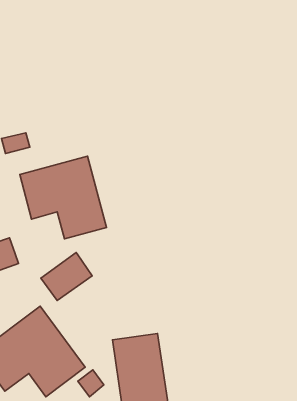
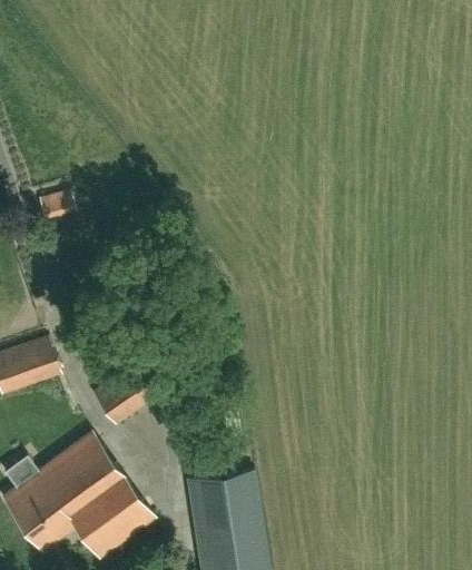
building: [20,156,107,239] -> none
building: [78,370,104,397] -> none

